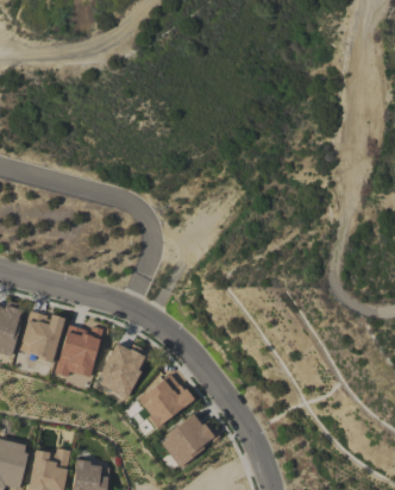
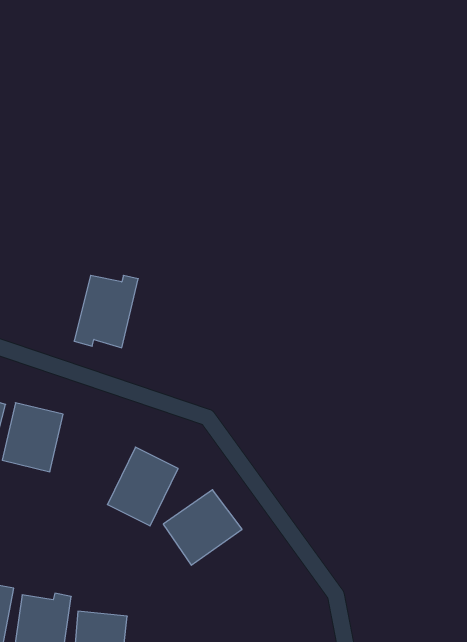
building: [56,326,102,378] -> [74,275,138,348]
building: [158,414,215,467] -> none

